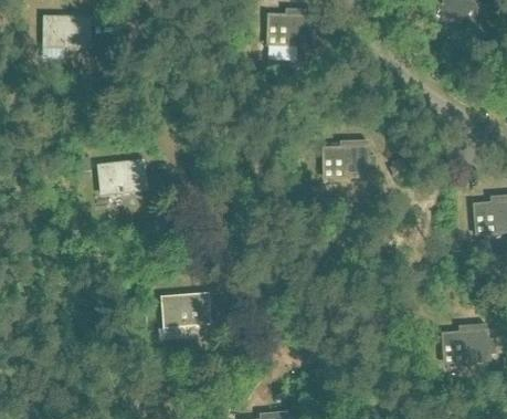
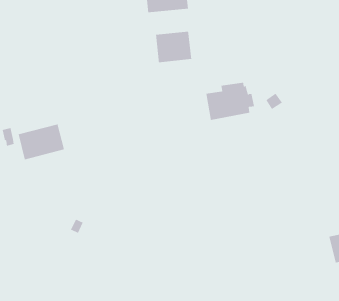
building: none -> [155,31,192,63]
building: [161,293,212,328] -> none

